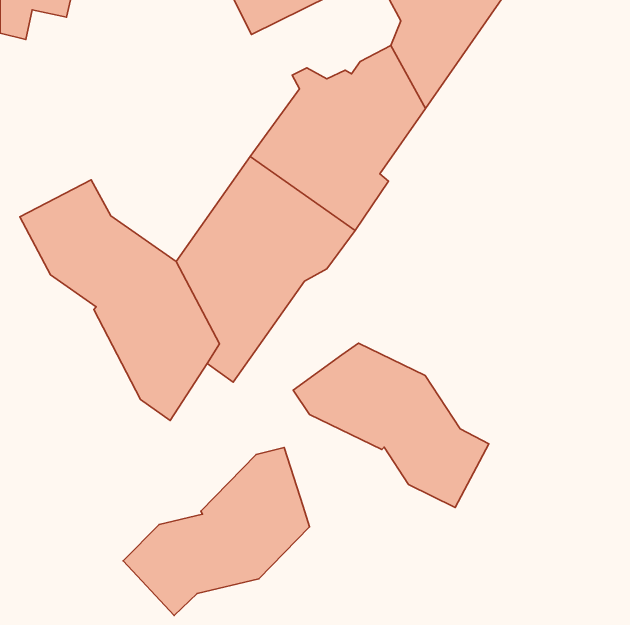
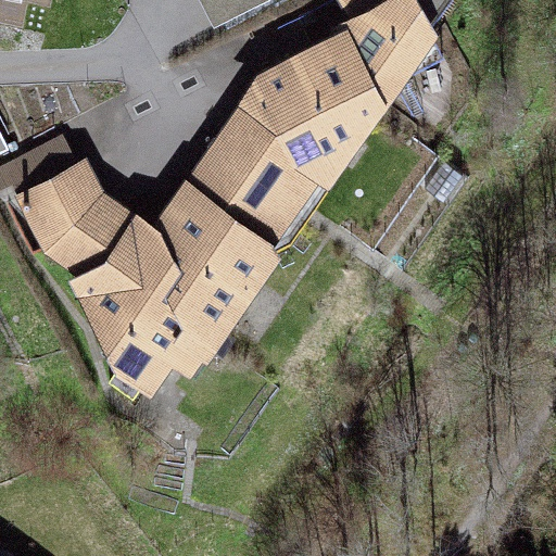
building: [293,343,489,508] -> none
building: [123,448,310,616] -> none

